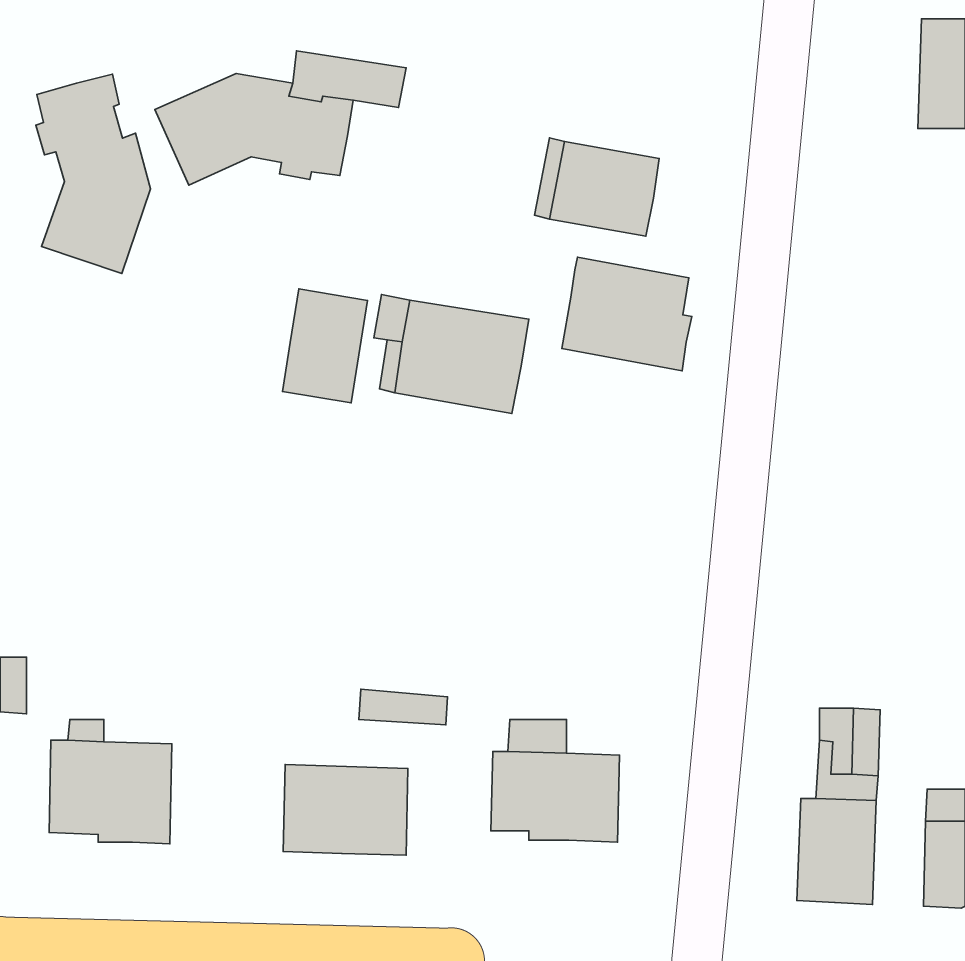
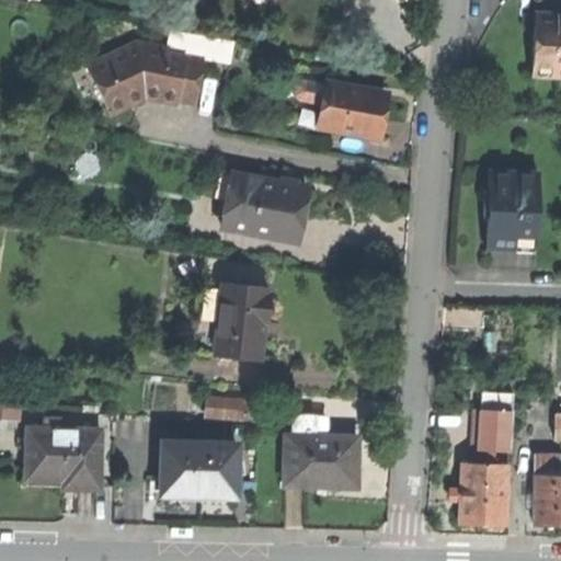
building: [36,74,151,273] -> none
building: [562,257,692,371] -> none
building: [283,289,367,403] -> none
building: none -> [484,171,540,244]
building: none -> [218,283,272,359]

